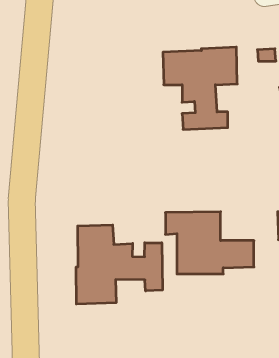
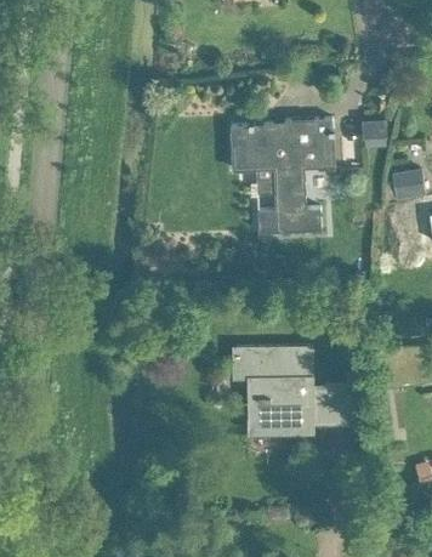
building: [76,225,162,304] -> none

